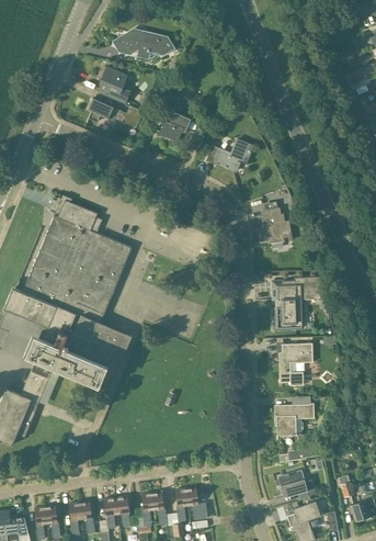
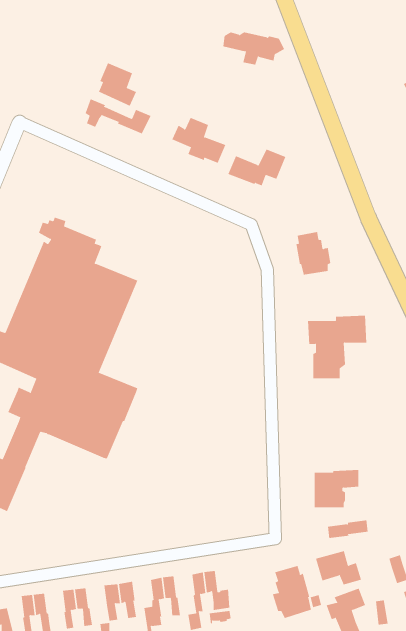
building: [121,32,172,59] -> [222,32,285,65]
building: [278,343,312,385] -> none
building: none -> [272,565,311,619]

